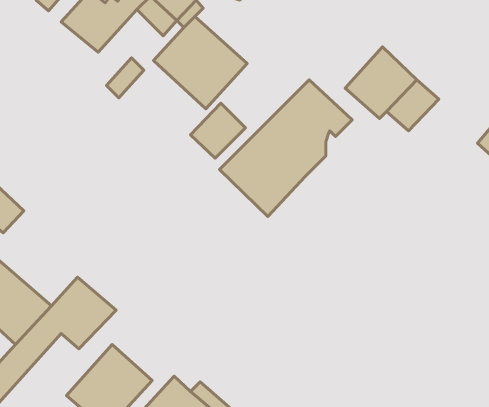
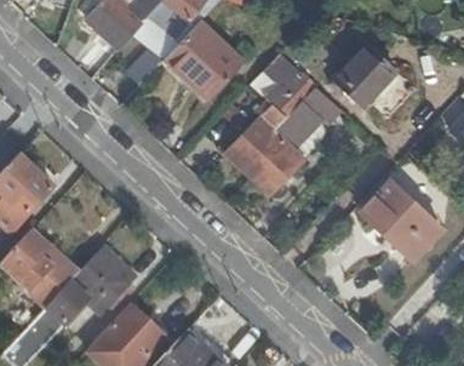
building: [190,103,246,158] -> [254,51,303,99]
building: none -> [360,181,440,259]

